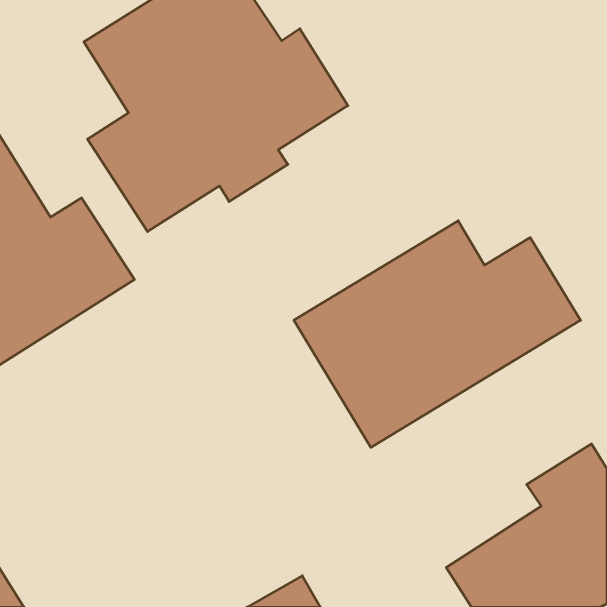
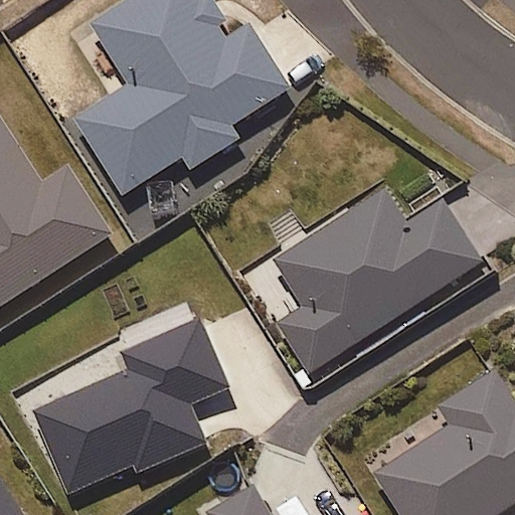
building: none -> [27,318,221,497]

